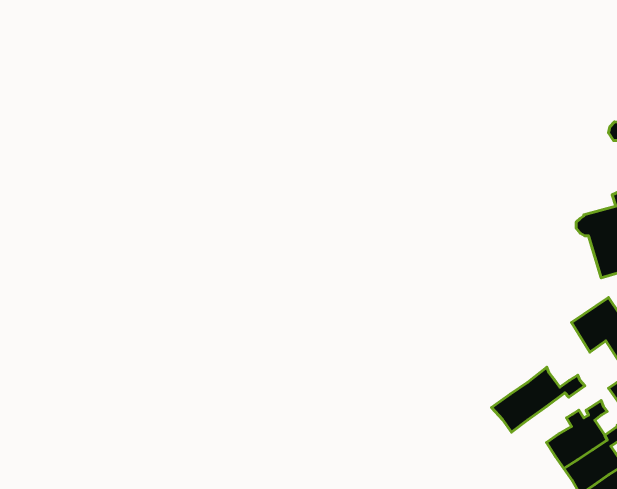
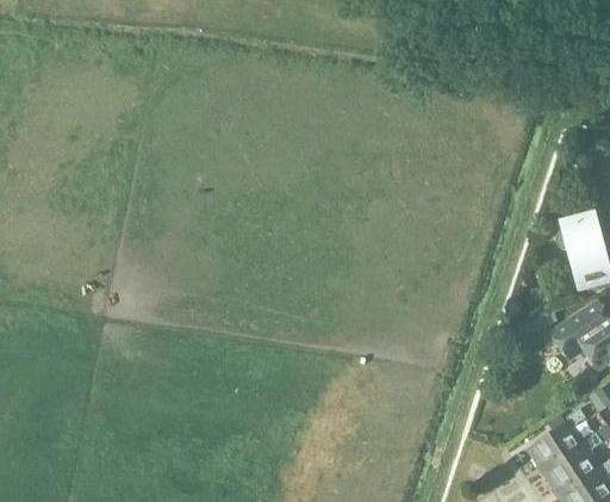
building: [492,367,585,432] -> none

